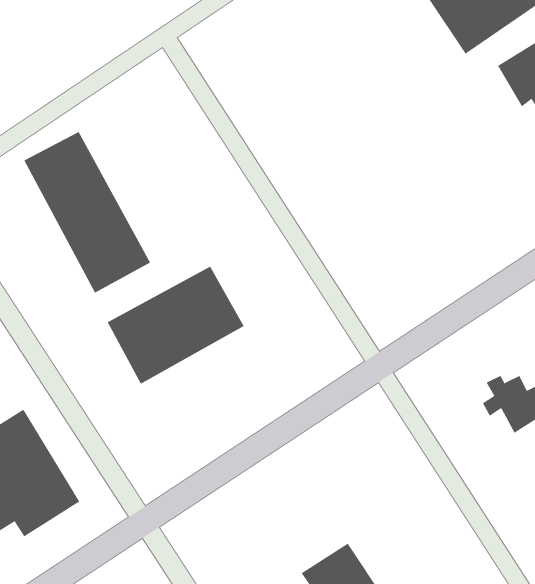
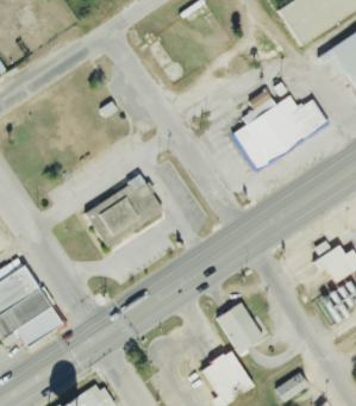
building: none -> [231,89,327,168]
building: [24,131,151,293] -> none
building: none -> [219,300,264,350]

